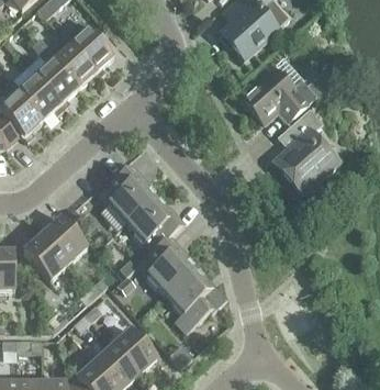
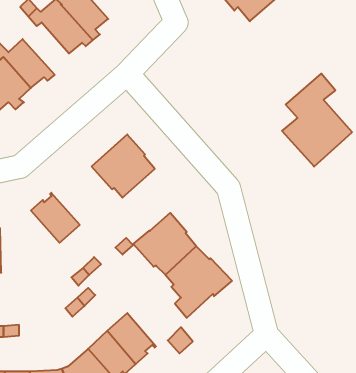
building: [243,57,315,122] -> none
building: [33,60,76,109] -> none
building: [125,196,183,253] -> none
building: [22,234,67,280] -> none

